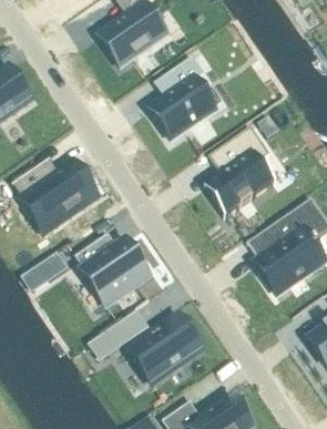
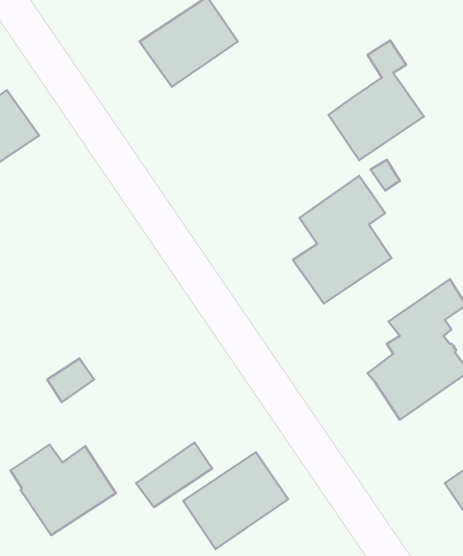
building: [151,58,216,140] -> [329,40,424,160]
building: [18,165,100,229] -> none
building: [78,236,150,298] -> [11,445,116,535]

